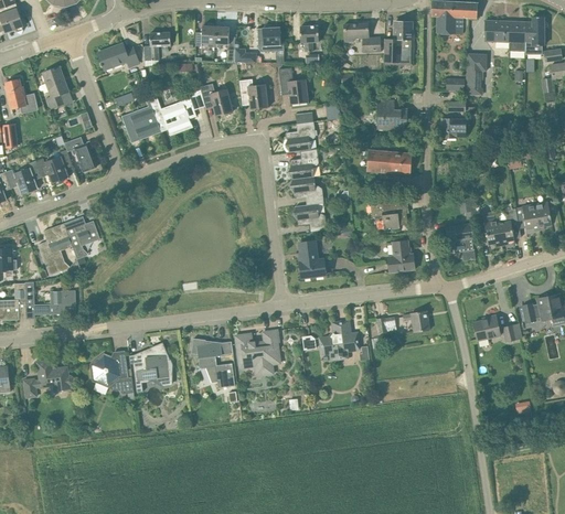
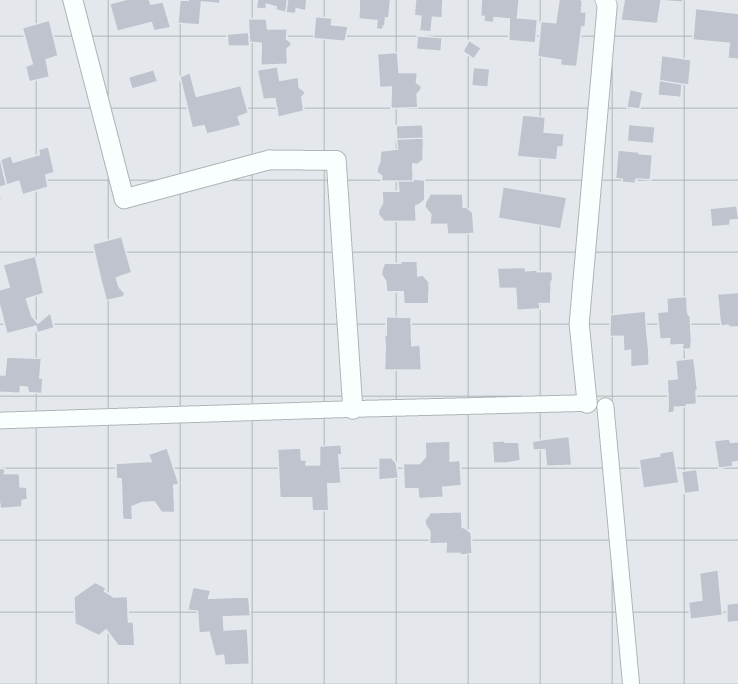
building: [239,79,269,110] -> [248,19,291,65]
building: [122,96,160,137] -> none
building: [64,137,96,172] -> none
building: [289,178,323,205] -> [425,194,474,234]
building: [500,208,521,246] -> [667,359,698,413]
building: [64,216,92,259] -> [93,237,132,300]
building: [388,240,415,274] -> none
building: [191,339,235,388] -> [187,587,250,665]
building: [90,353,134,394] -> [74,582,135,646]
building: none -> [425,512,472,555]

